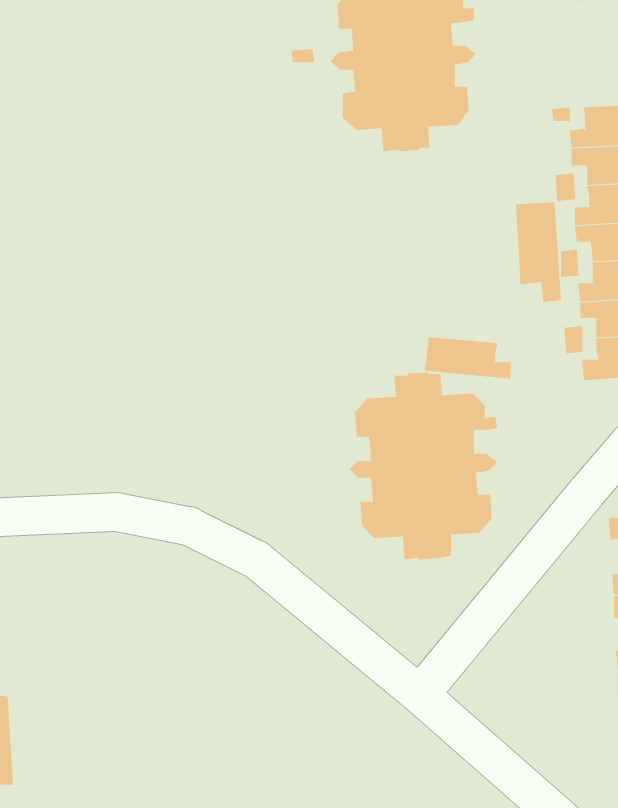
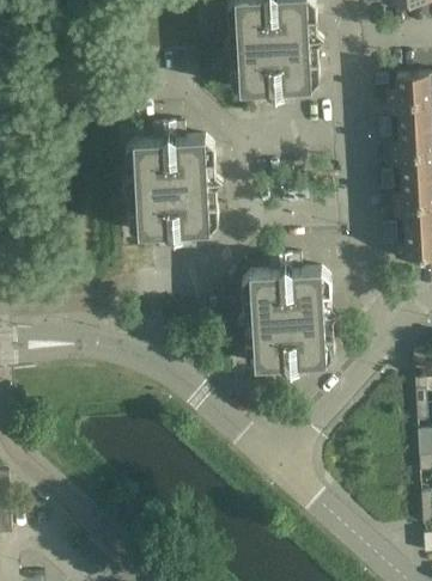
building: none -> [121,122,223,249]
building: [516,201,562,303] -> none
building: [424,337,511,379] -> none

